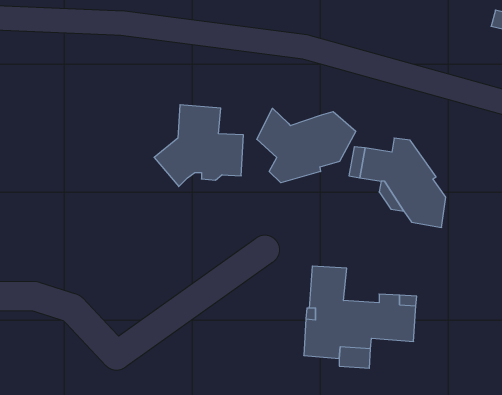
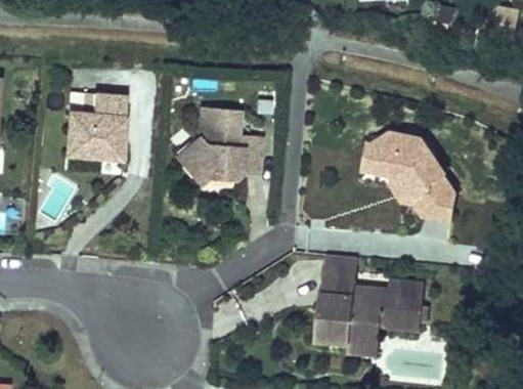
building: none -> [64,90,125,155]
building: [257,108,356,183] -> none

